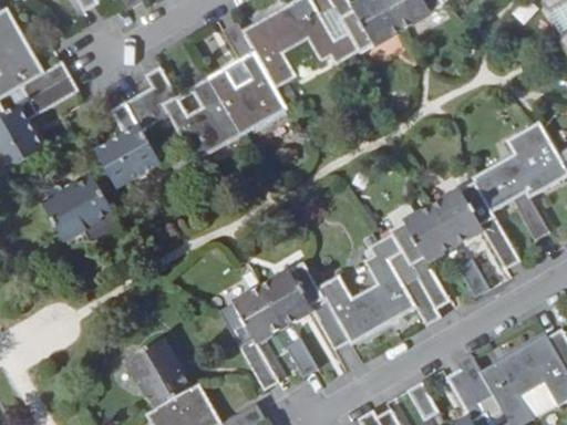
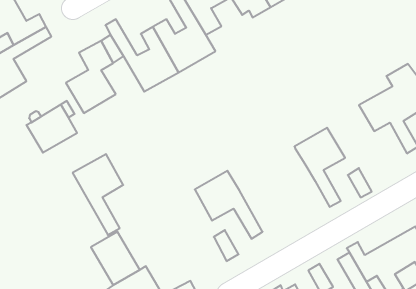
building: [432,182,520,269] -> none
building: [319,234,440,344] -> none
building: [218,287,284,391] -> [73,154,123,235]

